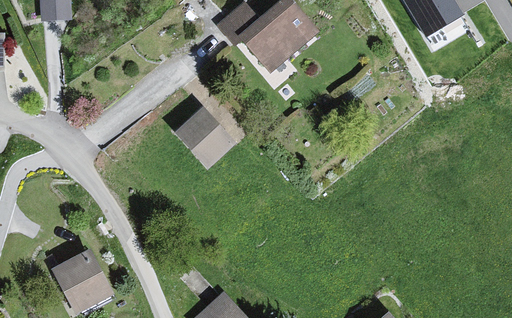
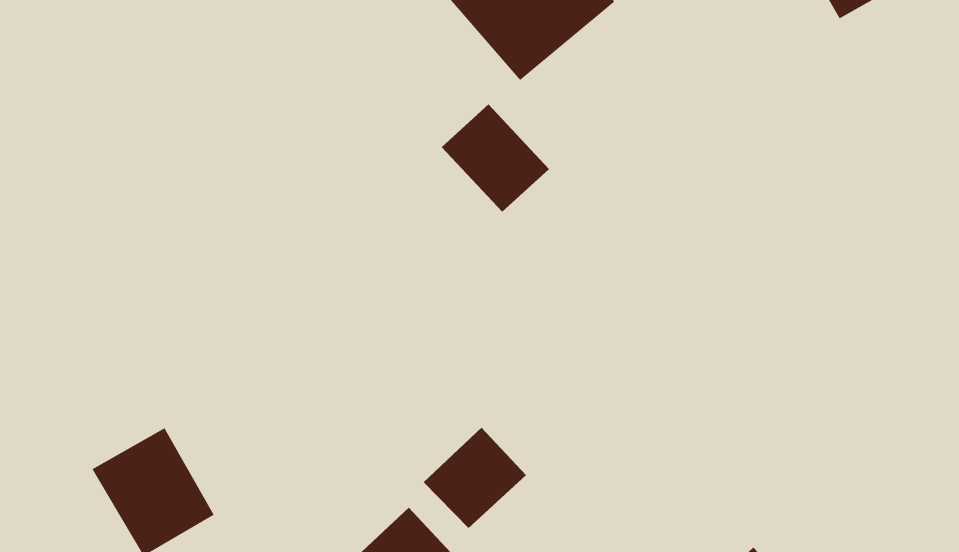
building: [175,106,230,161] -> [441,104,550,213]
building: none -> [423,427,527,529]

